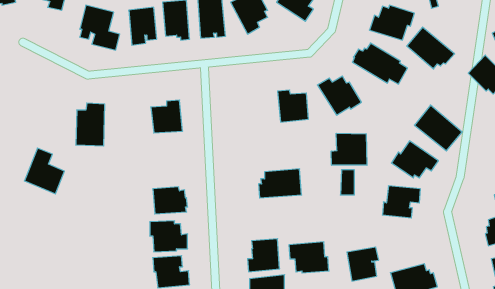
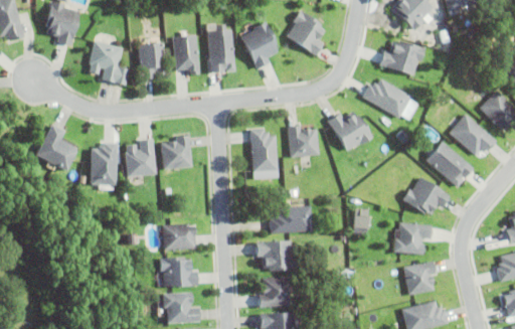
building: [407,27,455,69] -> [449,114,497,156]
building: none -> [250,130,278,173]
building: none -> [125,139,155,177]
building: [331,133,367,165] -> none
building: [24,148,64,194] -> [32,122,72,168]
building: [289,242,329,273] -> [255,240,296,272]
building: [347,247,379,281] -> [403,262,436,296]

